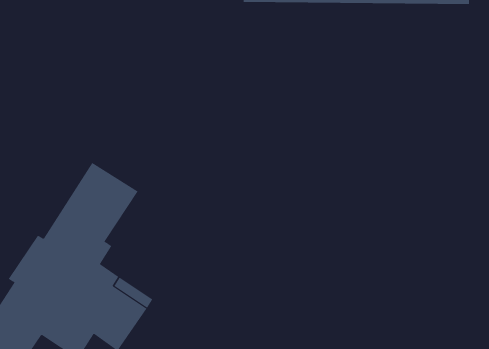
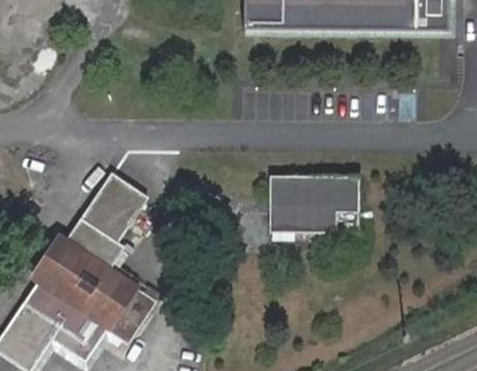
building: none -> [269,173,359,230]

